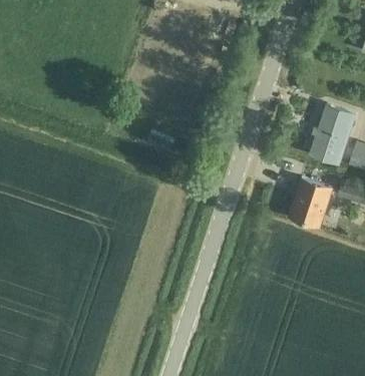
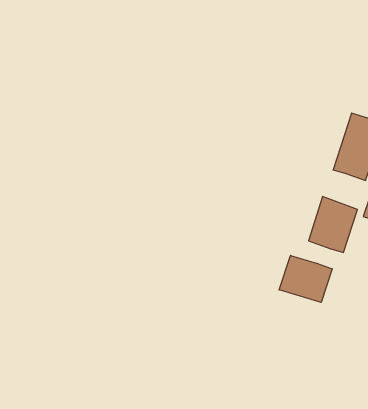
building: none -> [279,255,332,302]

